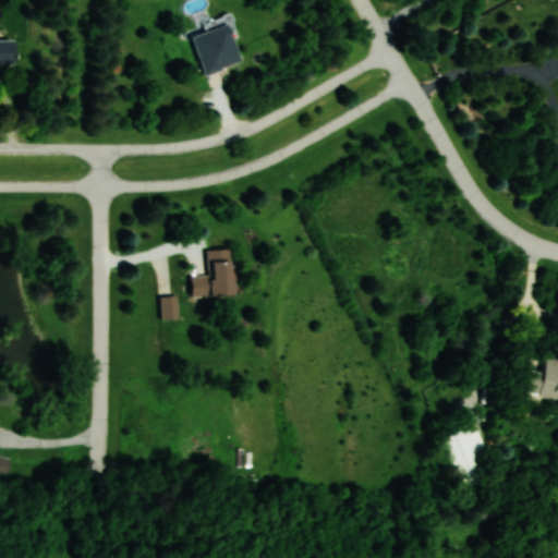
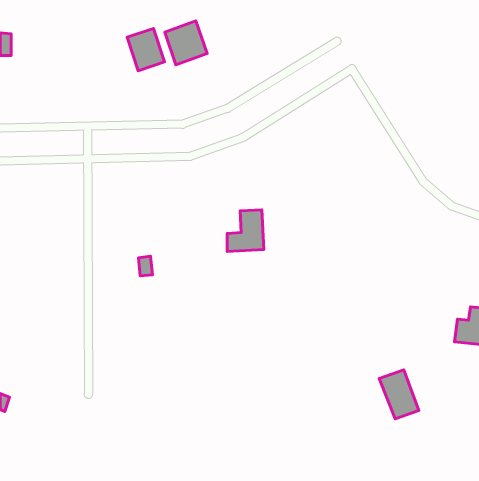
building: none -> [127,28,164,71]
building: [192,250,234,298] -> [227,210,264,251]

